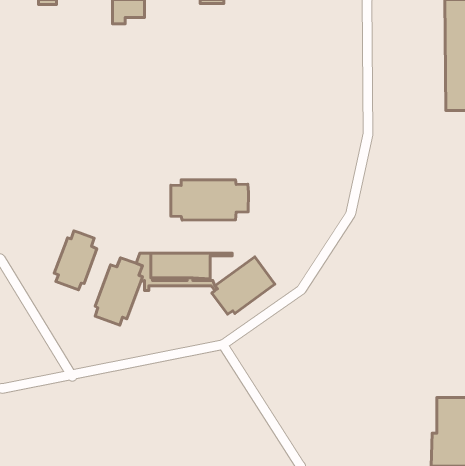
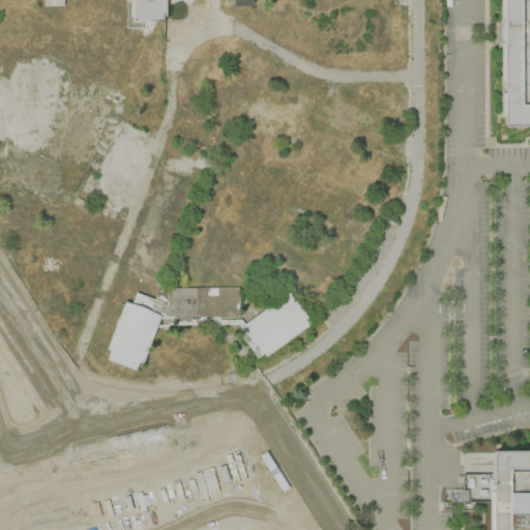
building: [171,180,248,220] -> none
building: [54,231,97,290] -> none

